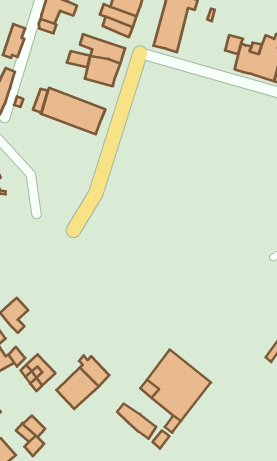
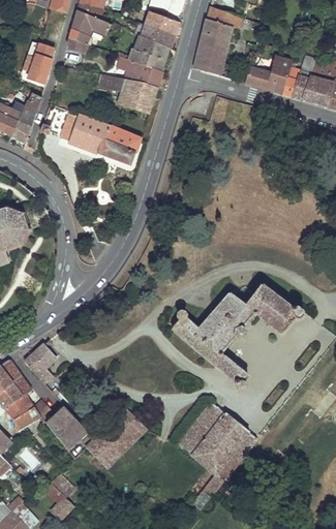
building: none -> [128,43,166,70]
building: none -> [245,66,286,93]
building: none -> [172,283,303,390]
building: [117,404,156,439] -> none

